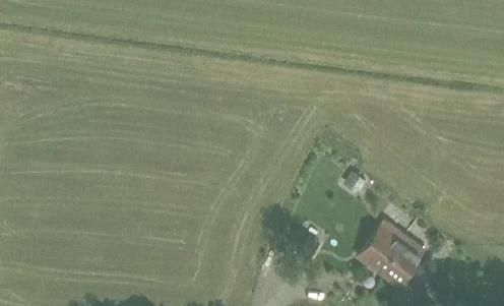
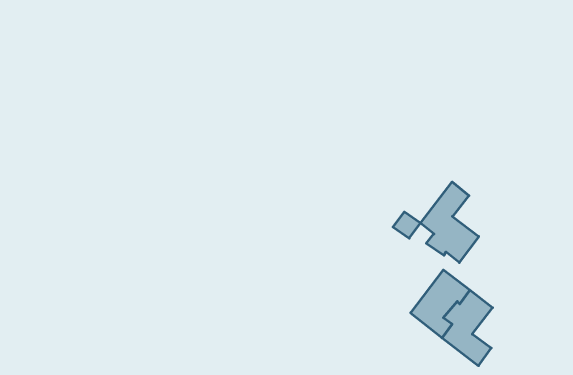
building: none -> [421,182,479,263]

